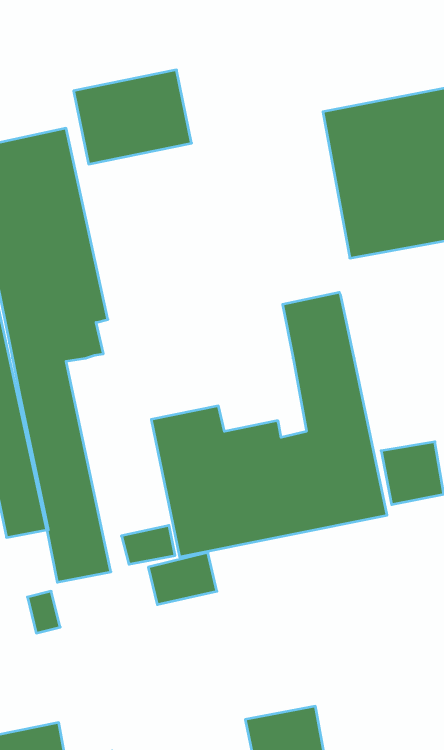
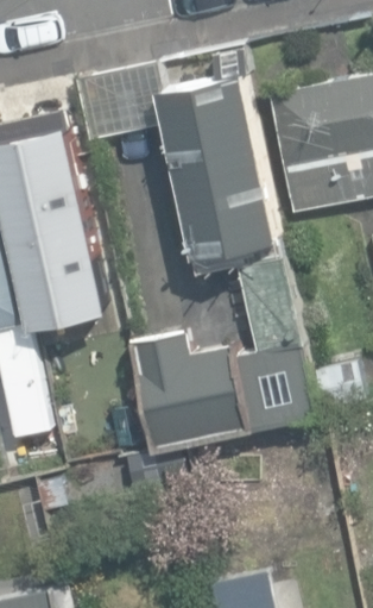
building: none -> [160,56,278,259]

